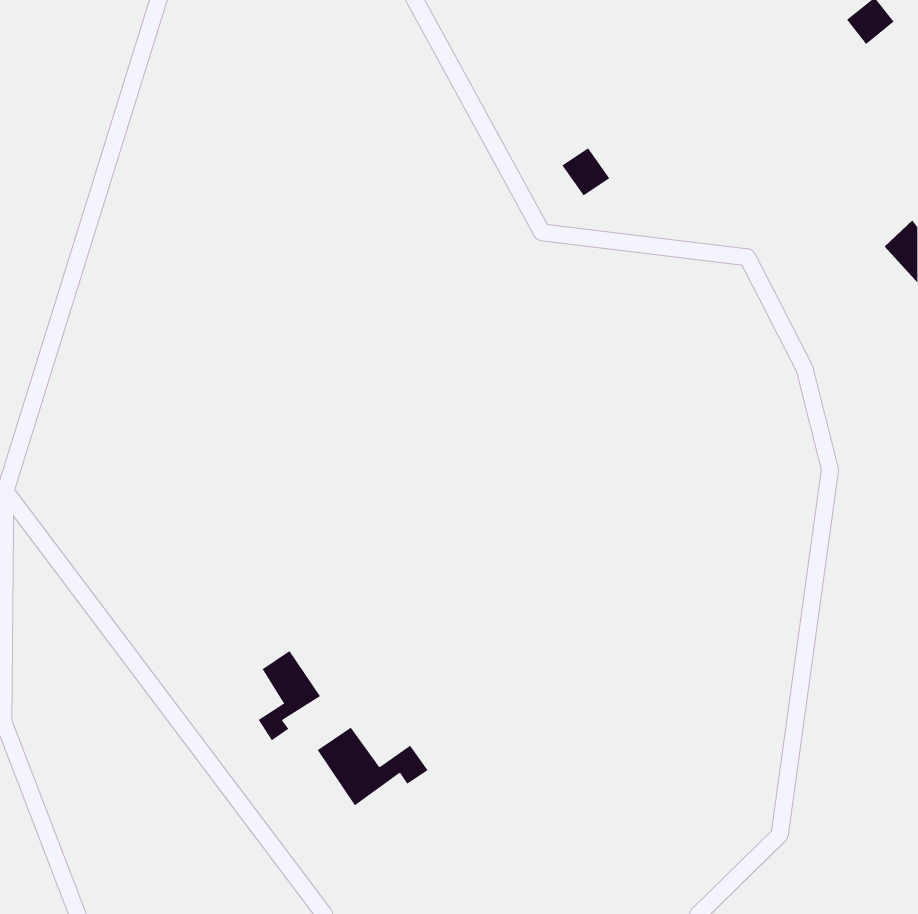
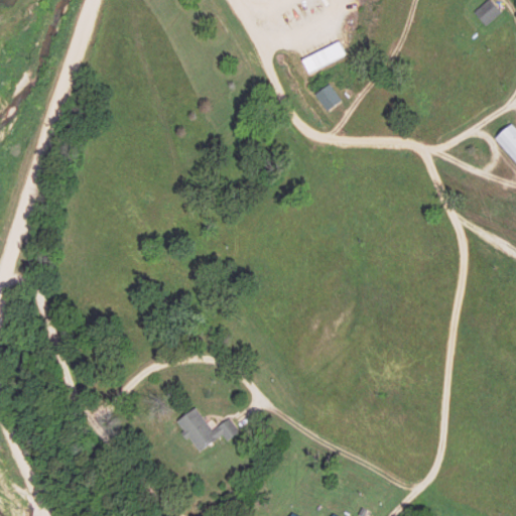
building: none -> [302,42,346,71]
building: [258,650,321,741] -> none

